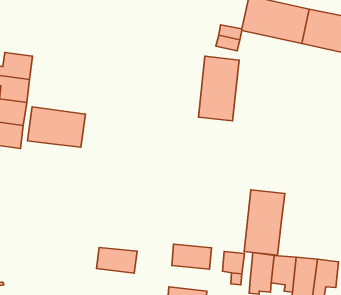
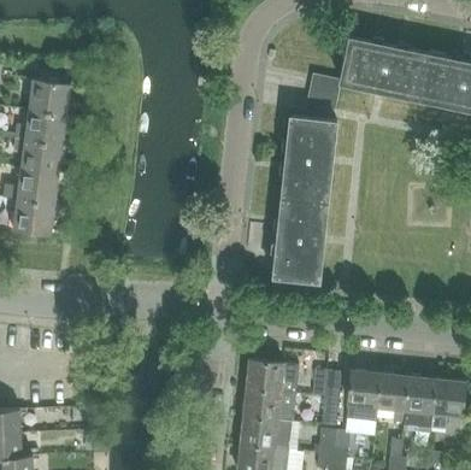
building: none -> [28,80,67,114]
building: [27,107,85,147] -> none
building: [244,190,285,255] -> [272,194,325,280]
building: [97,247,137,273] -> [242,388,295,422]

